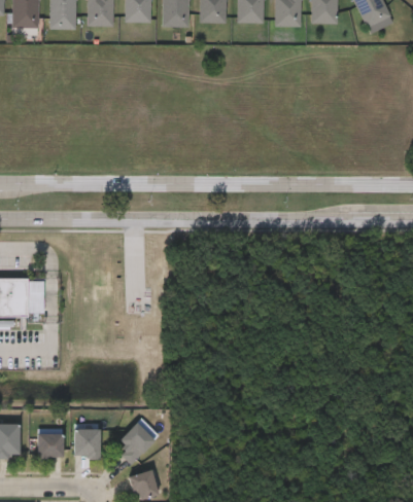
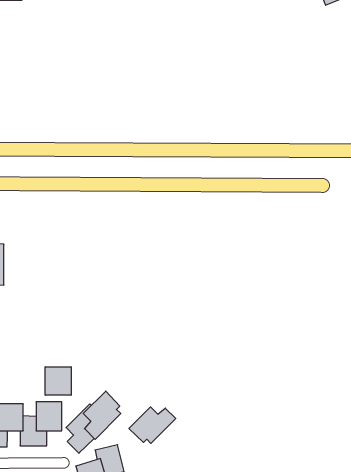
building: none -> [45,367,71,395]
building: none -> [129,407,176,443]

